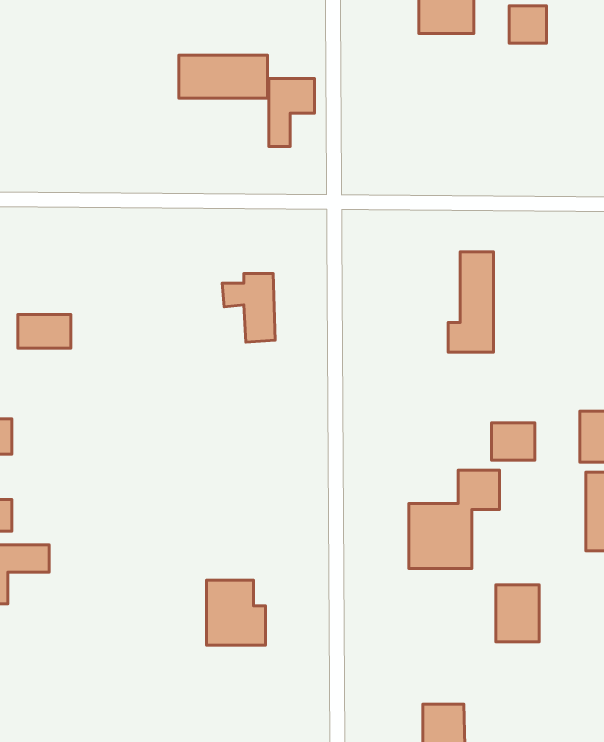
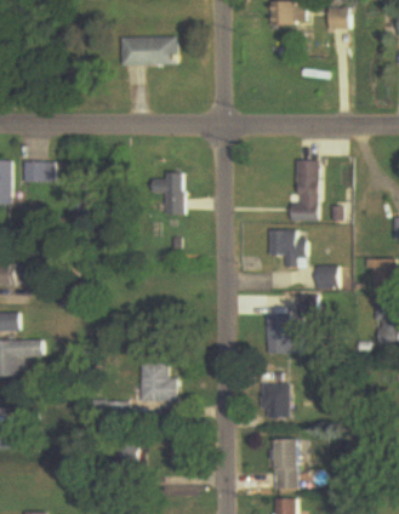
building: [269,79,315,146] -> none
building: [18,315,71,348] -> [19,161,52,182]
building: none -> [267,229,306,265]
building: [496,585,539,642] -> [260,383,286,418]

